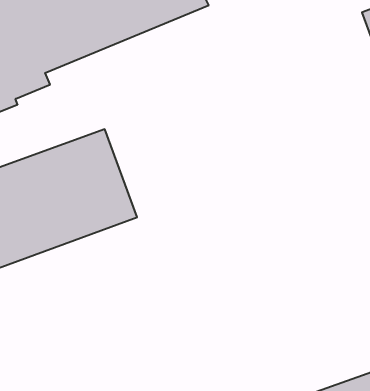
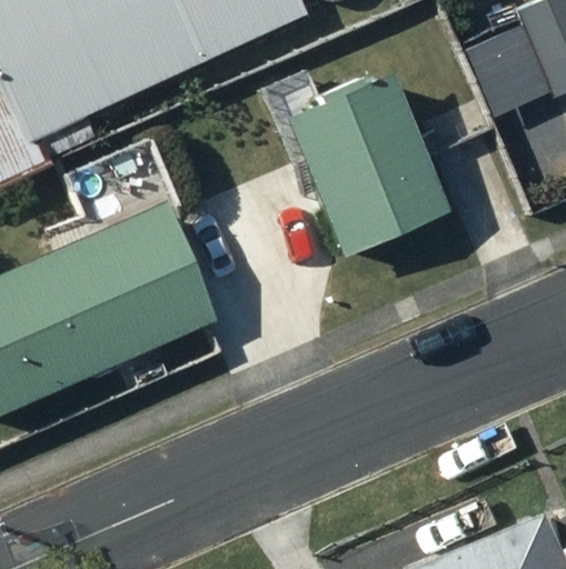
building: none -> [286,73,451,256]

